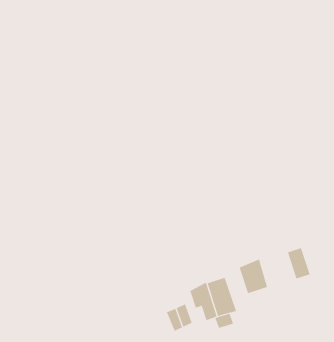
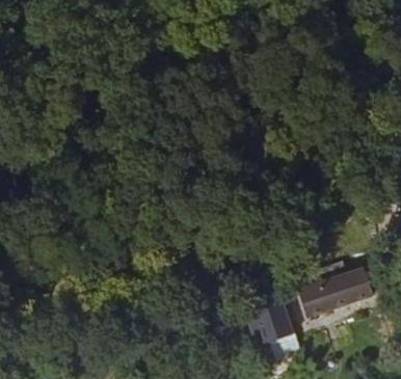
building: none -> [319,271,357,309]

